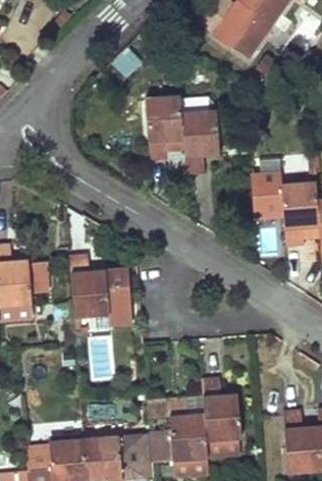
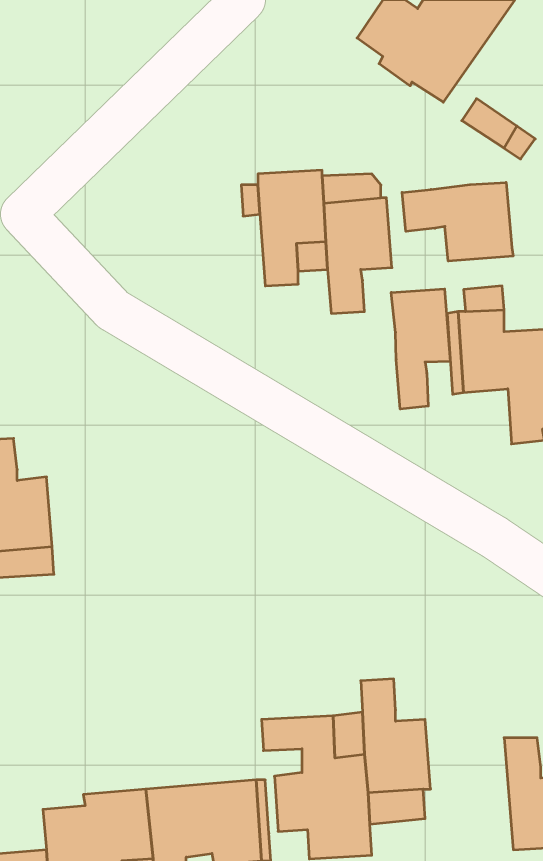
building: none -> [402,182,513,261]
building: none -> [391,289,450,409]
building: [70,254,132,323] -> none

